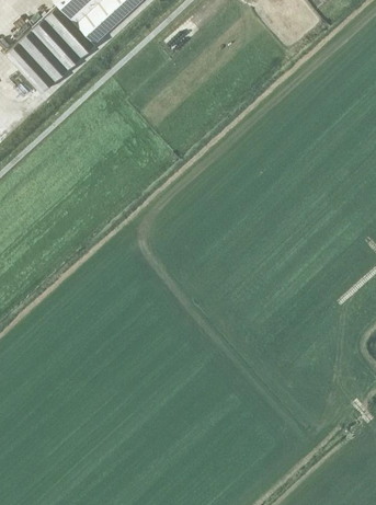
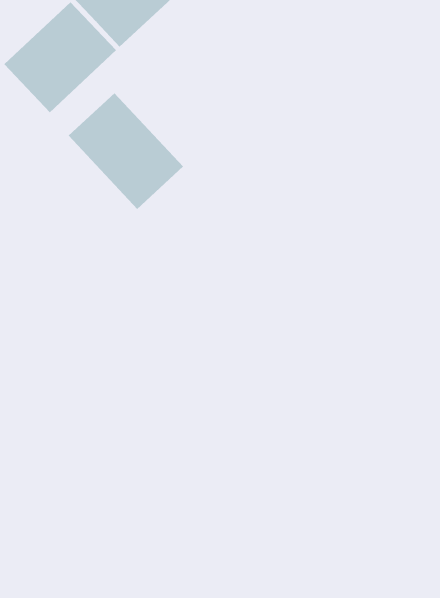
building: none -> [68,92,184,210]

